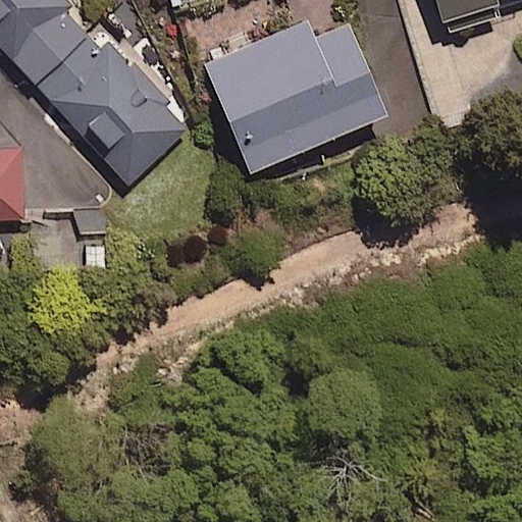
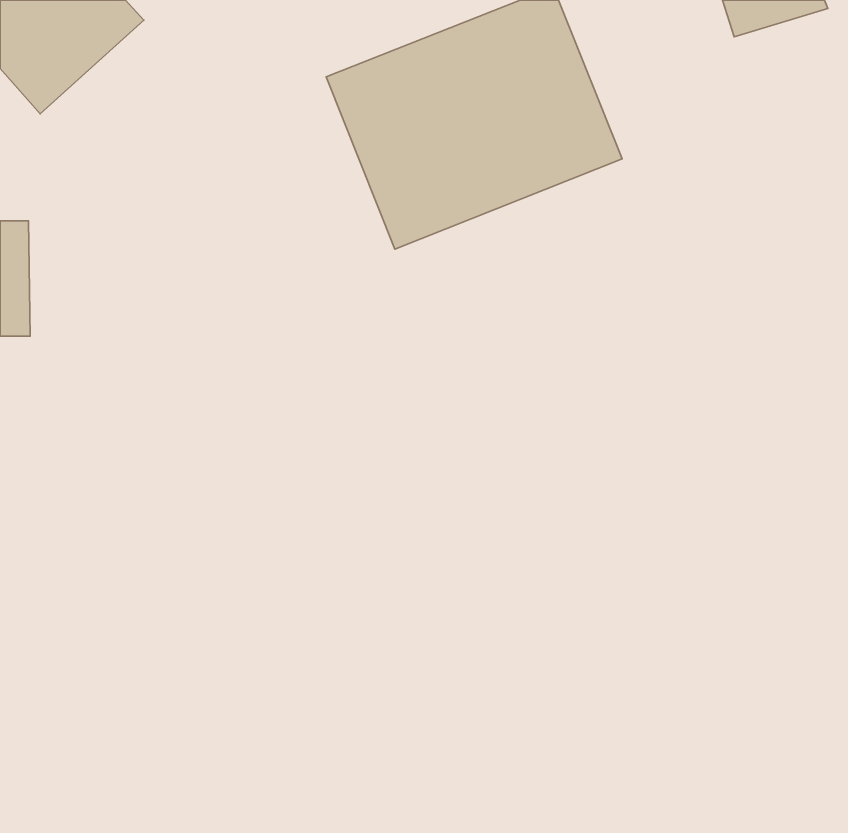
building: [42,48,189,186] -> none

